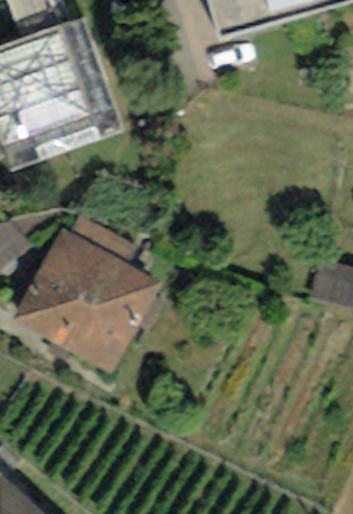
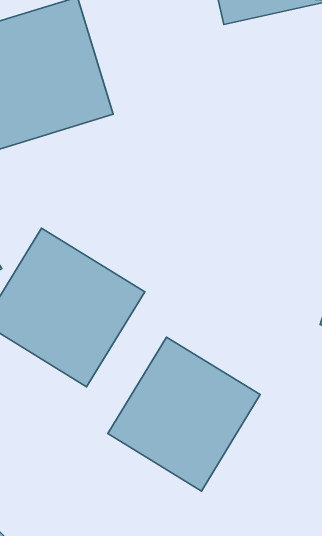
building: none -> [108,337,260,491]

